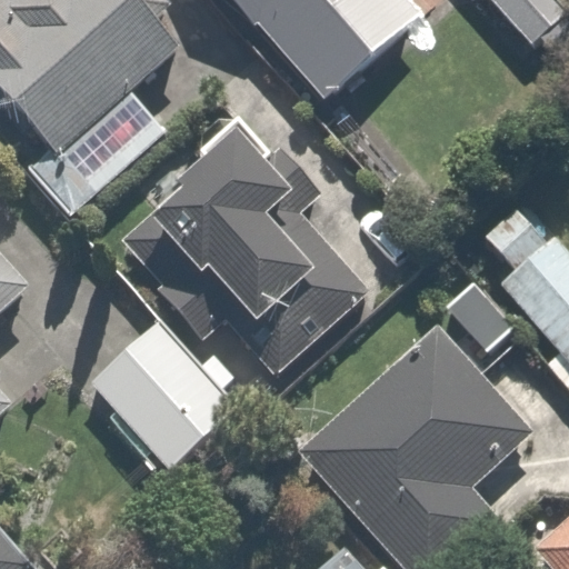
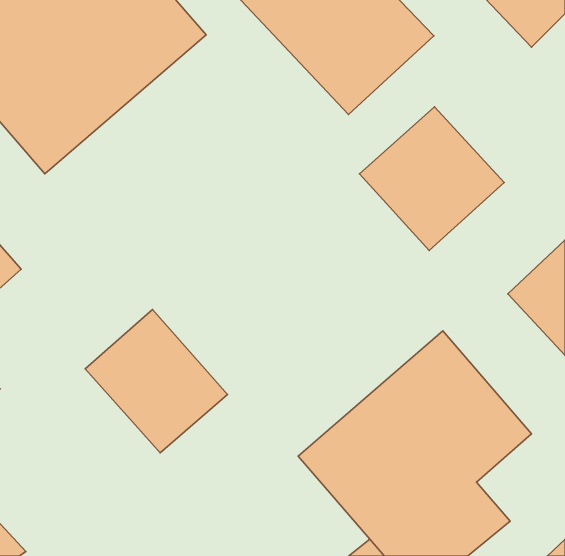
building: none -> [360,107,504,251]
building: [171,167,368,367] -> none

